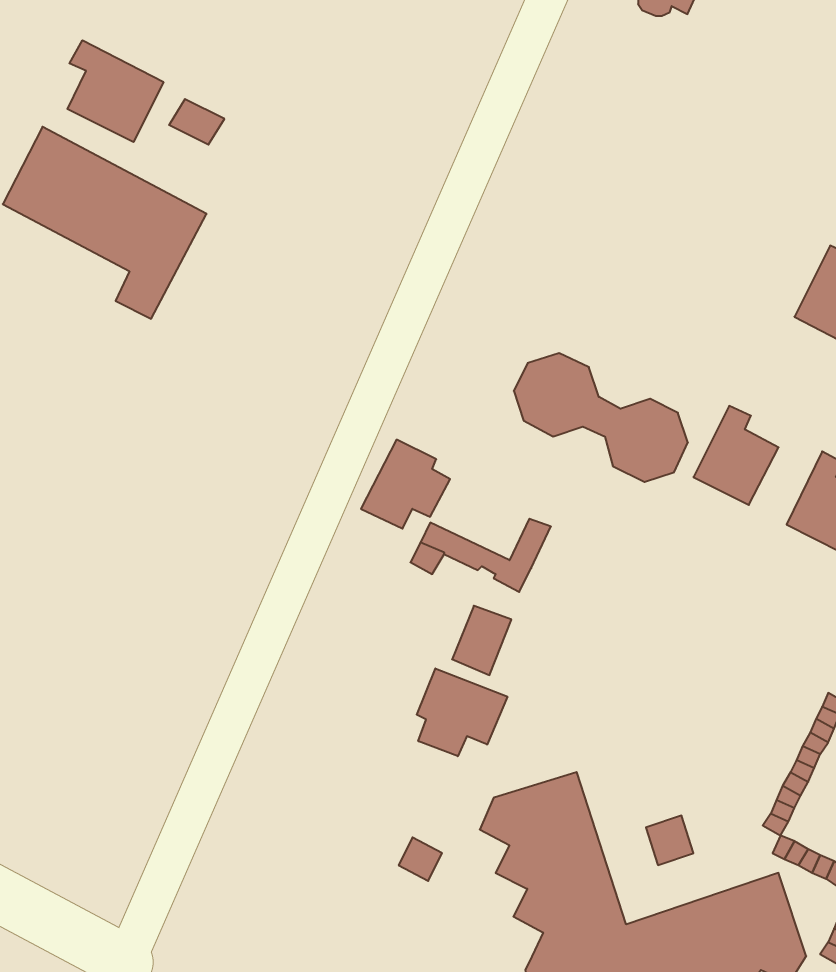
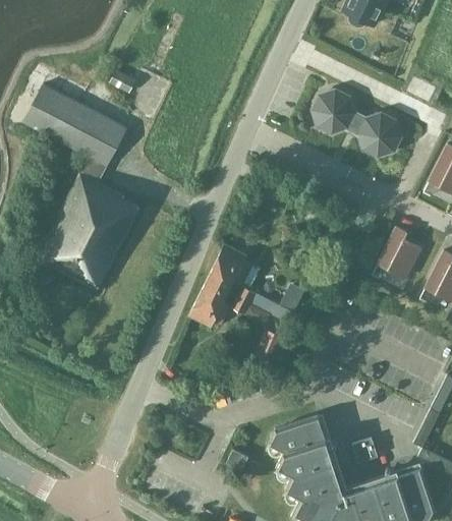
building: [67,40,163,142] -> none
building: none -> [37,172,139,288]
building: [514,353,688,482] -> [310,90,400,156]
building: none -> [188,280,229,326]
building: [417,668,507,756] -> none

